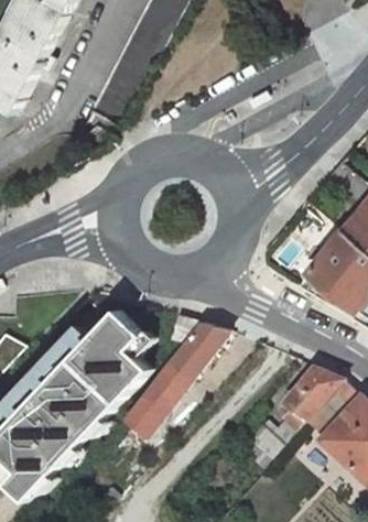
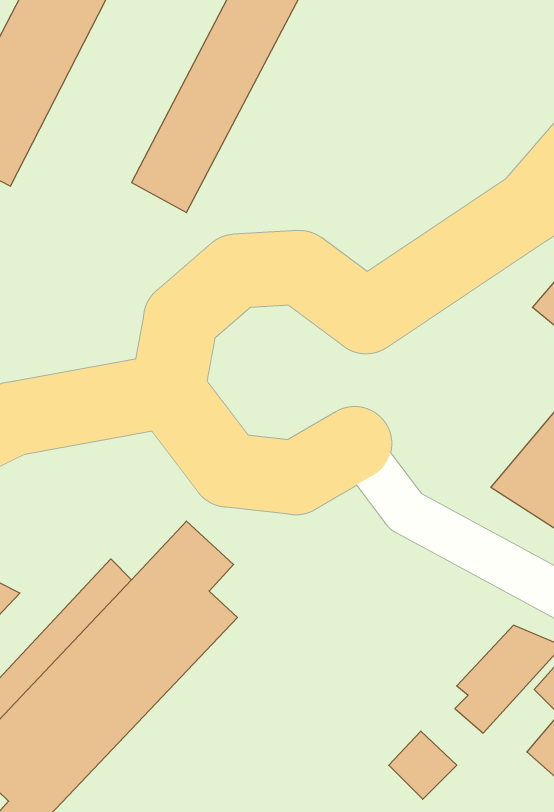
building: [167,317,228,380] -> none
building: [125,388,174,439] -> none

